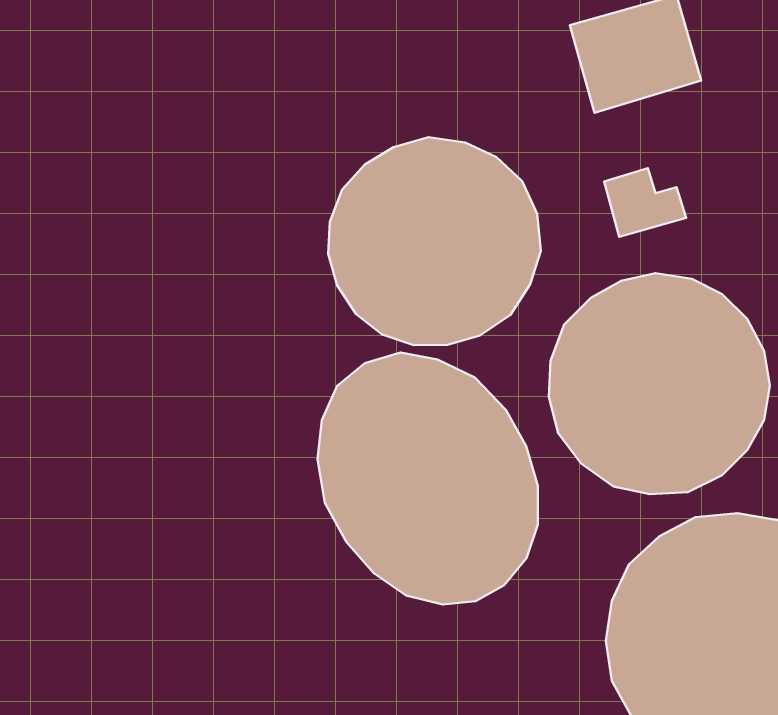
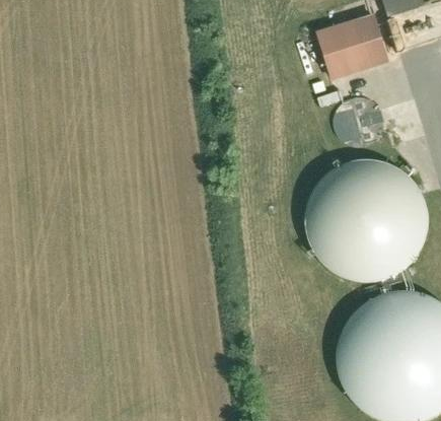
building: [328,137,541,345] -> none
building: [318,352,538,605] -> none

